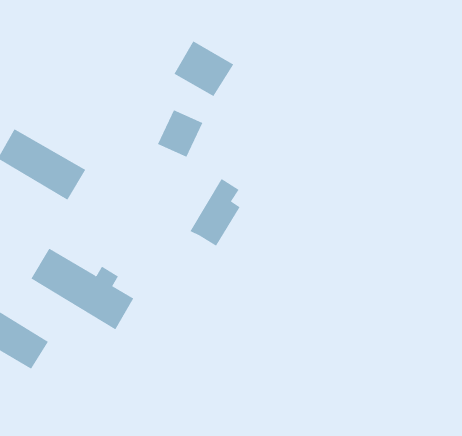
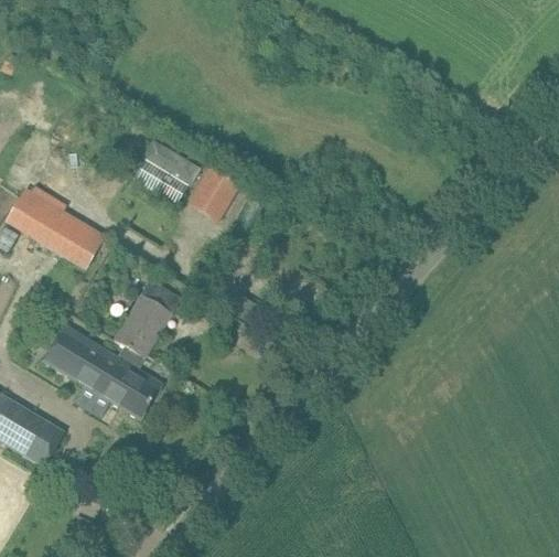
building: [174,40,234,97] -> [132,138,202,203]
building: [190,178,240,246] -> [112,279,171,357]

